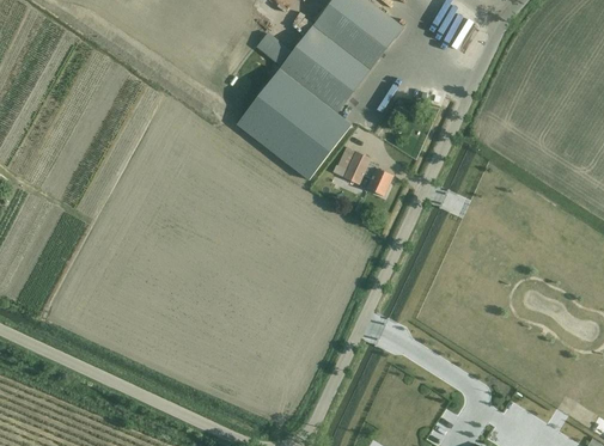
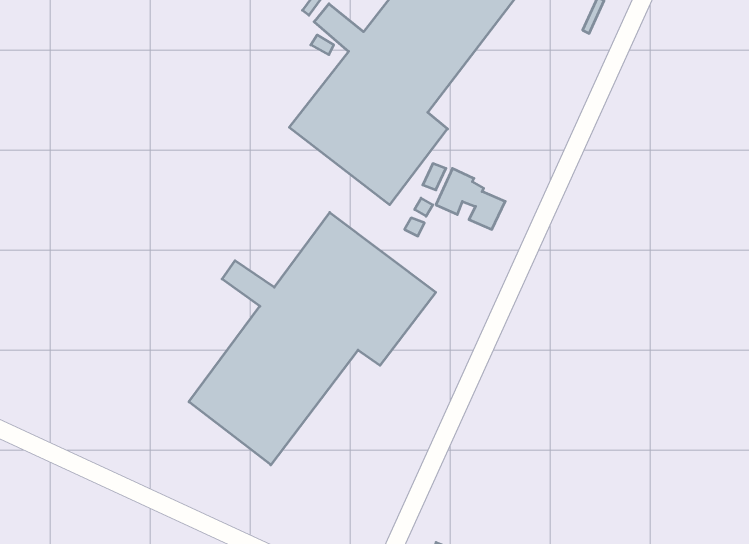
building: none -> [189,212,436,465]

